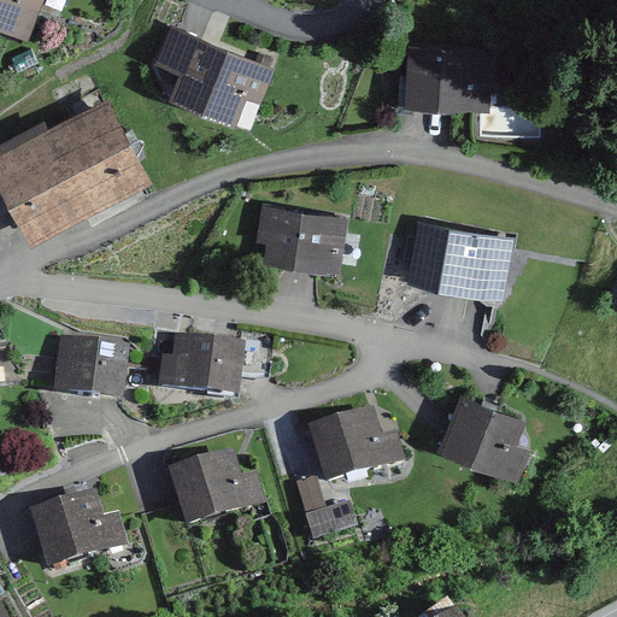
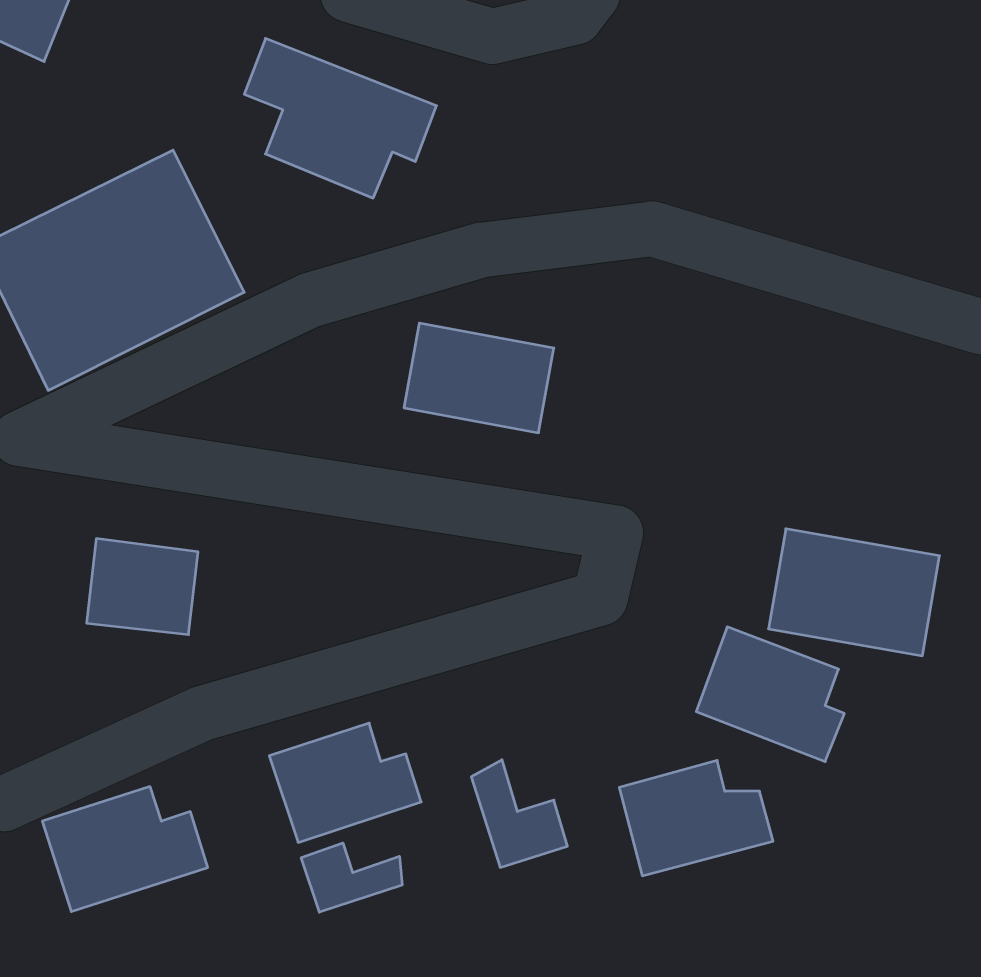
building: [404,48,494,110] -> none
building: [406,217,513,296] -> [768,529,940,656]
building: [155,333,247,396] -> none
building: [311,415,407,487] -> [619,760,773,876]
building: none -> [301,843,402,912]

